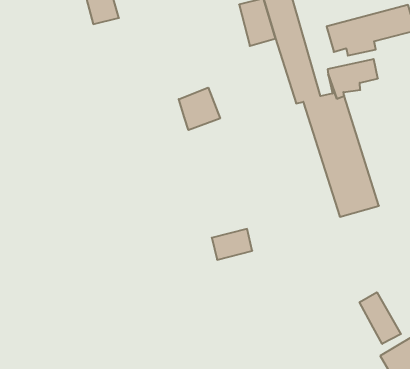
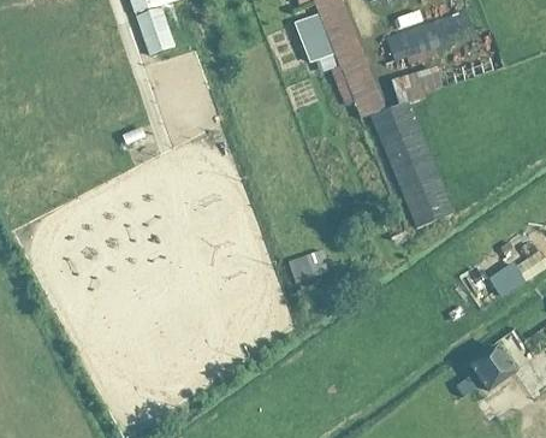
building: [179,88,220,130] -> none
building: [360,292,401,344] -> none

